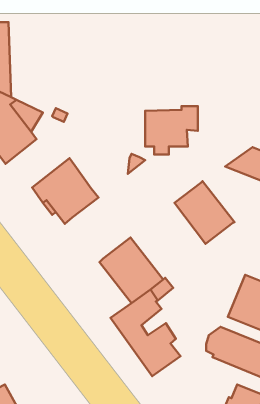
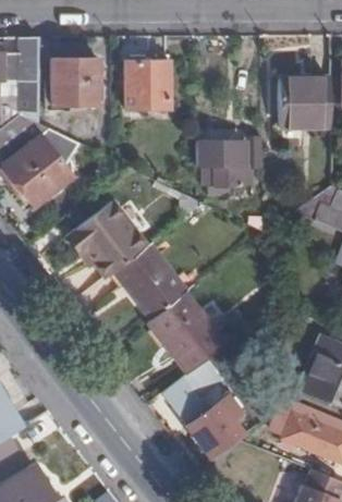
building: none -> [52,59,98,105]
building: none -> [126,61,168,108]
building: none -> [277,77,330,127]
building: [174,181,235,244] -> [114,244,186,319]

